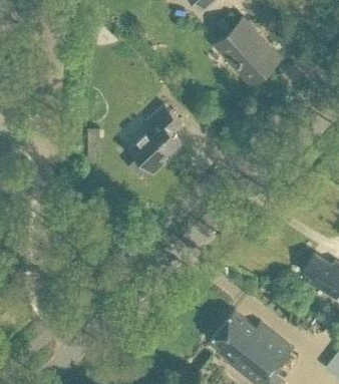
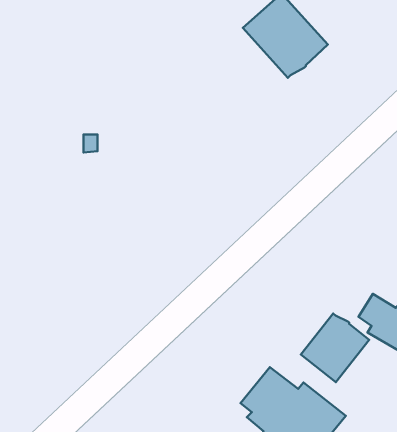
building: [129,105,185,173] -> none
building: none -> [301,314,369,382]

